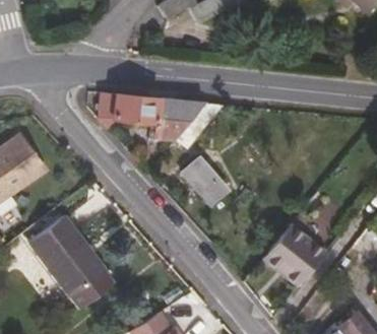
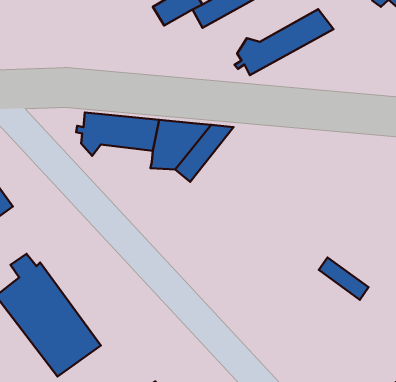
building: none -> [235,9,334,75]
building: [183,160,227,206] -> none
building: [263,224,327,287] -> none

